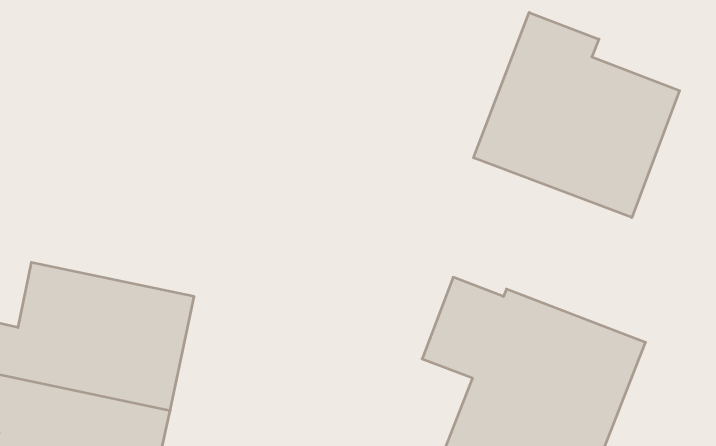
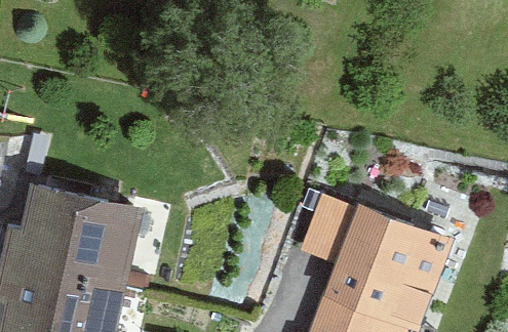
building: [474,12,680,218] -> none

